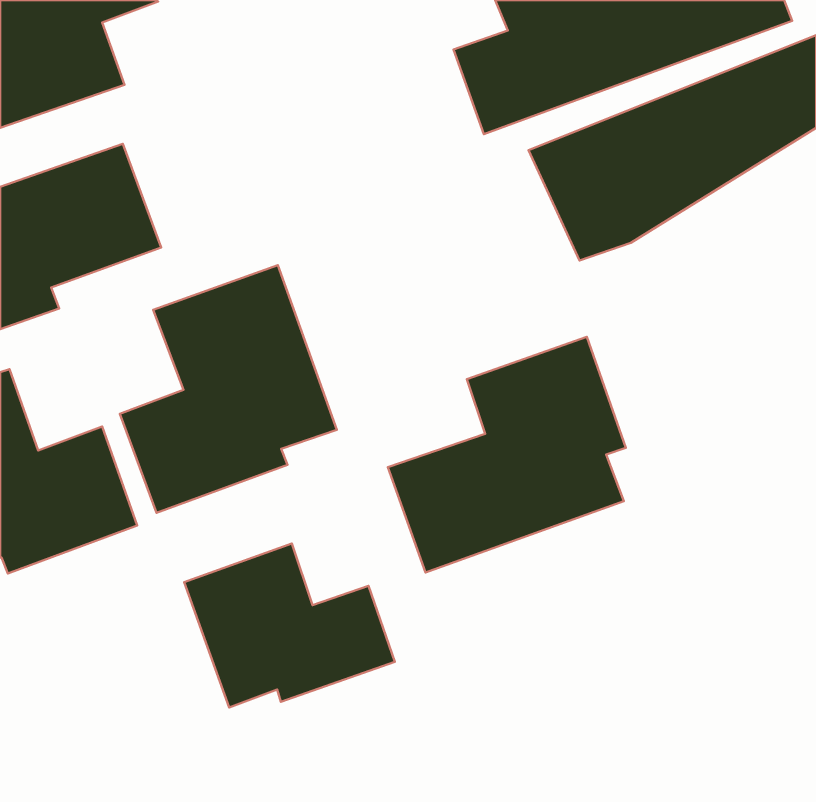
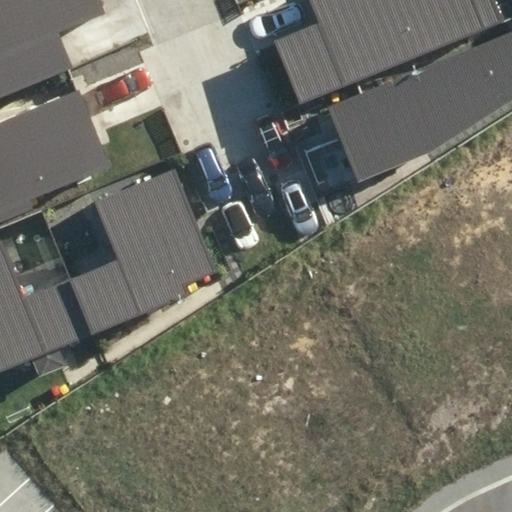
building: [388,337,626,572] -> none
building: [184,544,395,707] -> none

